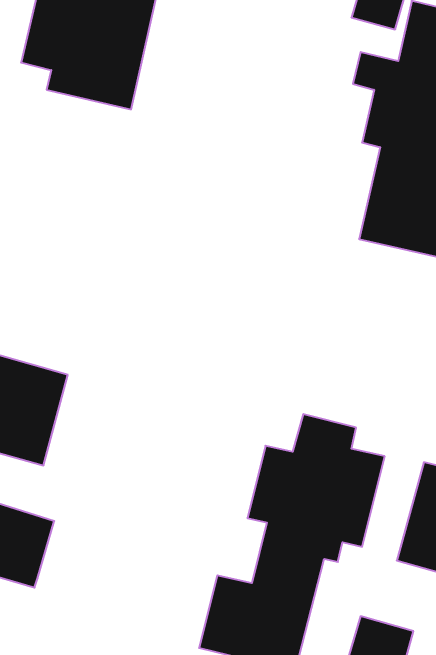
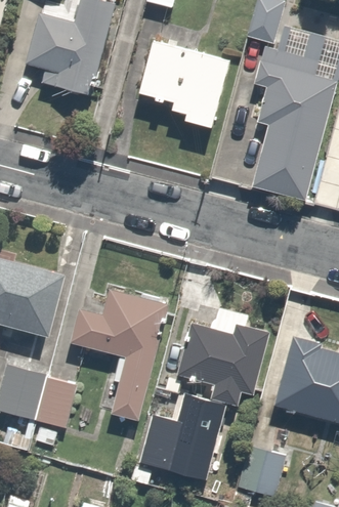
building: none -> [132,38,236,130]
building: none -> [70,289,164,418]
building: none -> [34,377,80,426]

